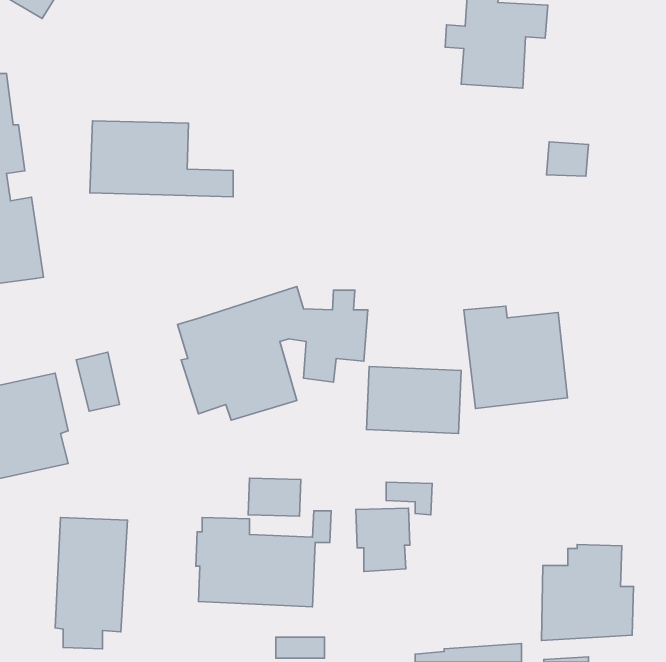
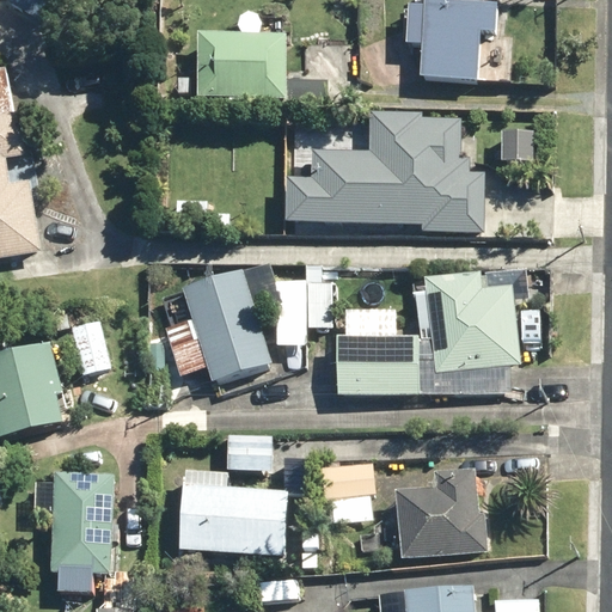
building: [90,121,233,197] -> [196,31,326,100]
building: none -> [283,112,485,231]
building: [542,544,634,640] -> [400,470,484,557]

